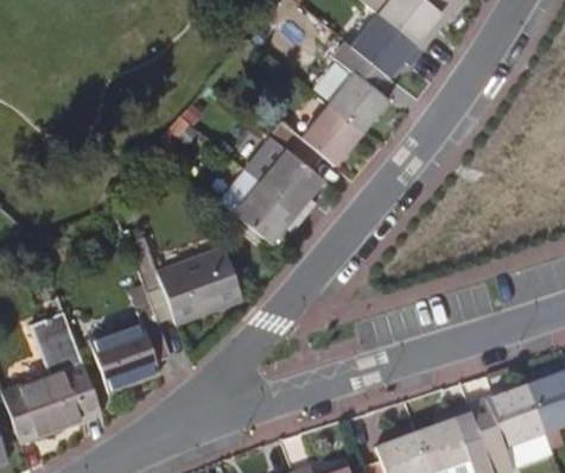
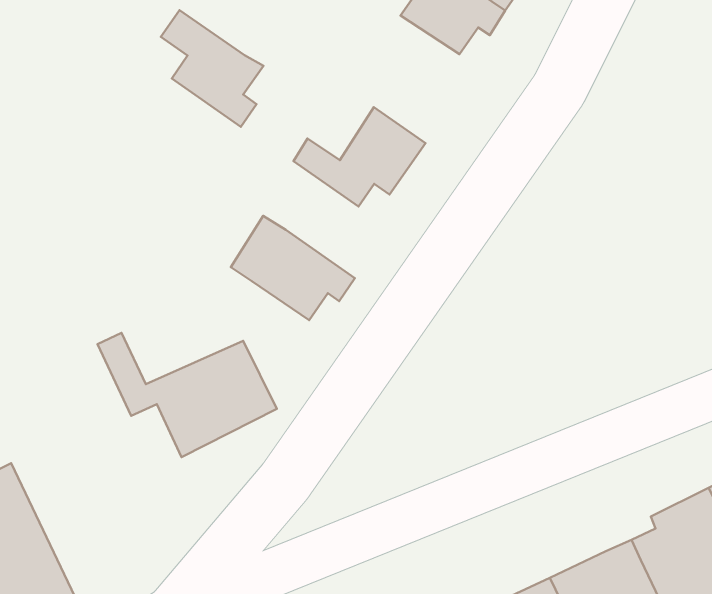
building: [328,42,388,132] -> none
building: [256,135,323,217] -> [161,10,263,127]
building: [89,309,169,395] -> none

